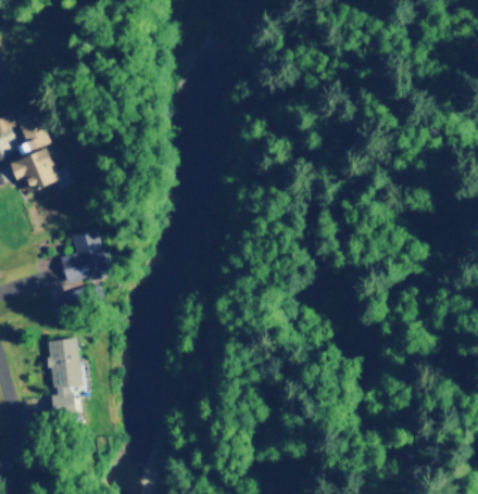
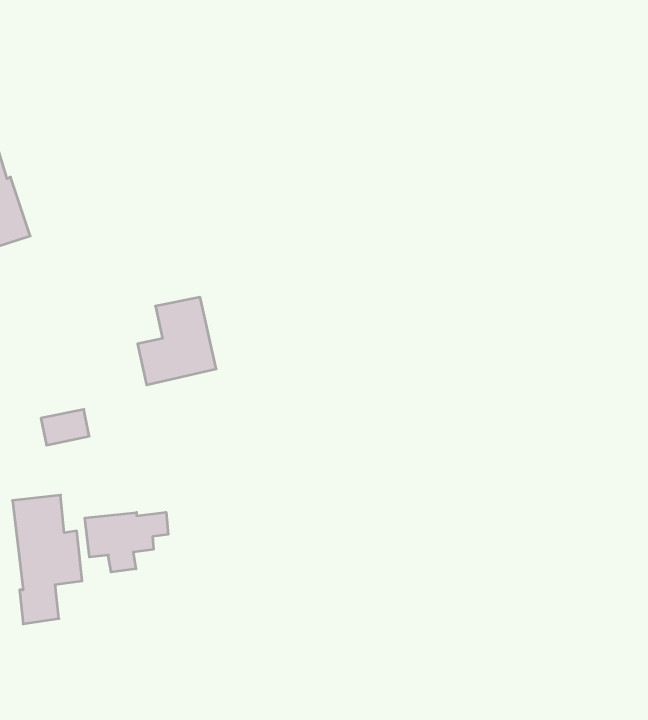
building: [60,228,108,281] -> [138,297,216,385]
building: none -> [85,512,168,572]

